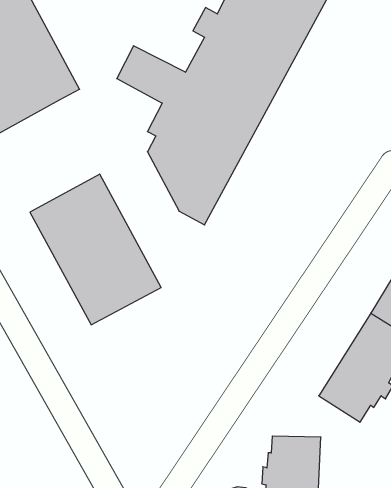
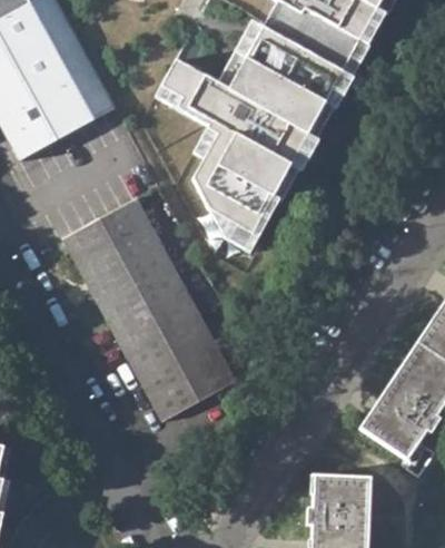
building: none -> [128,317,236,420]

